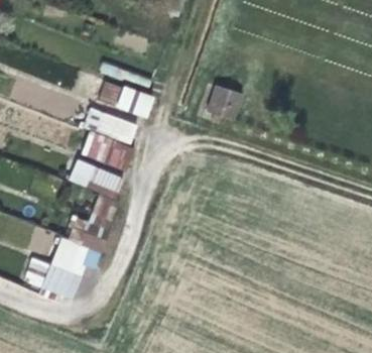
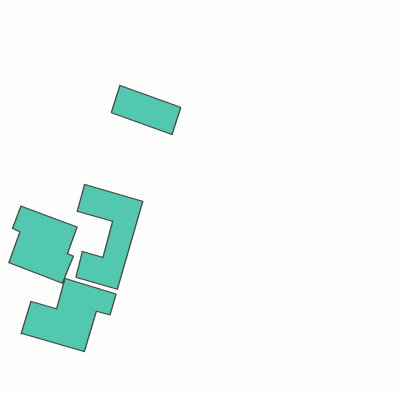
building: [209,85,242,122] -> none
building: [82,107,138,170] -> [9,206,77,283]

